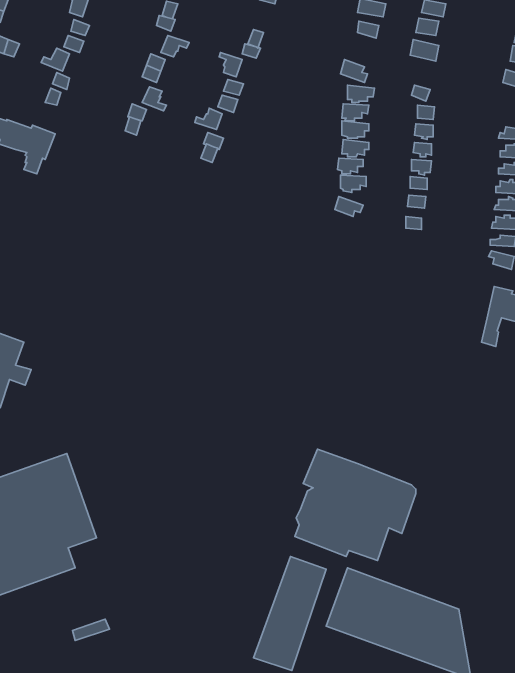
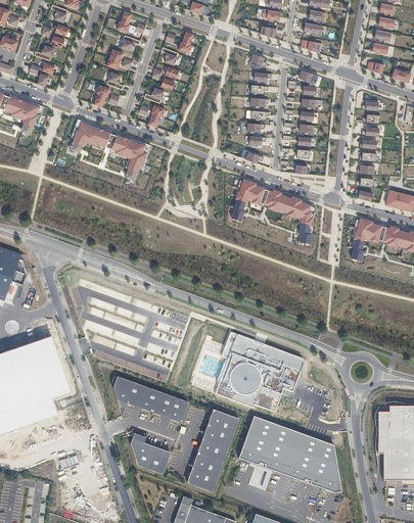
building: none -> [70,117,150,180]
building: none -> [232,179,315,243]
building: none -> [111,374,187,419]
building: none -> [130,430,171,471]

